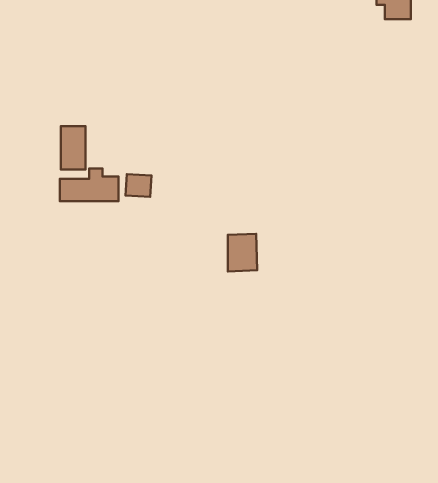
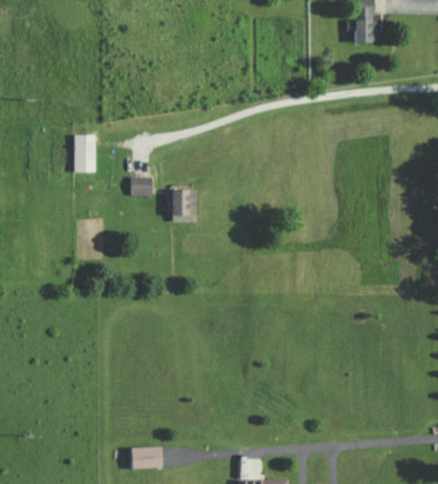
building: [60,169,118,201] -> none
building: [228,234,257,271] -> [171,190,197,222]

